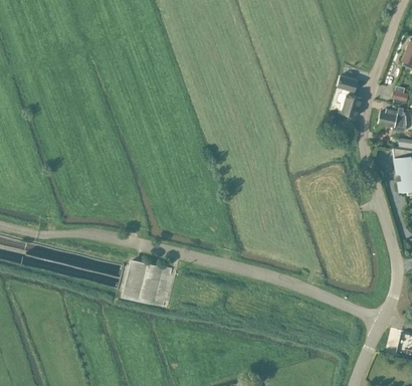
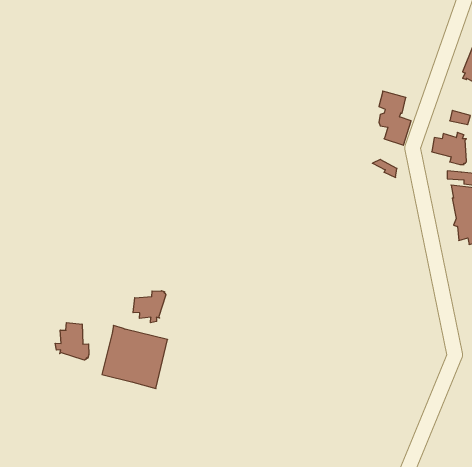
building: none -> [133,291,166,323]
building: none -> [55,323,89,360]

